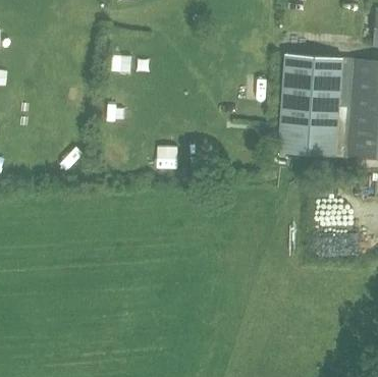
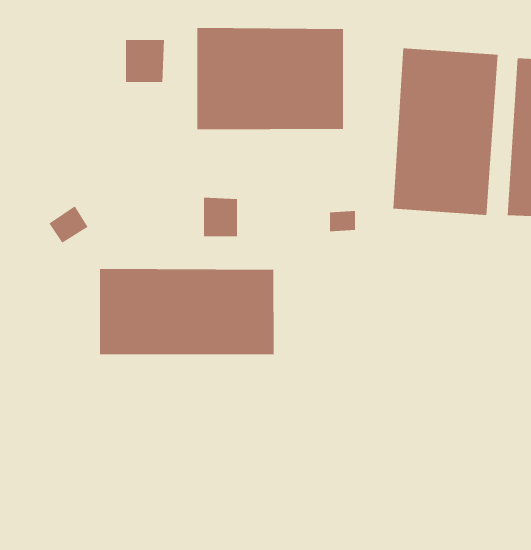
building: none -> [197,27,344,130]
building: none -> [100,268,274,355]

